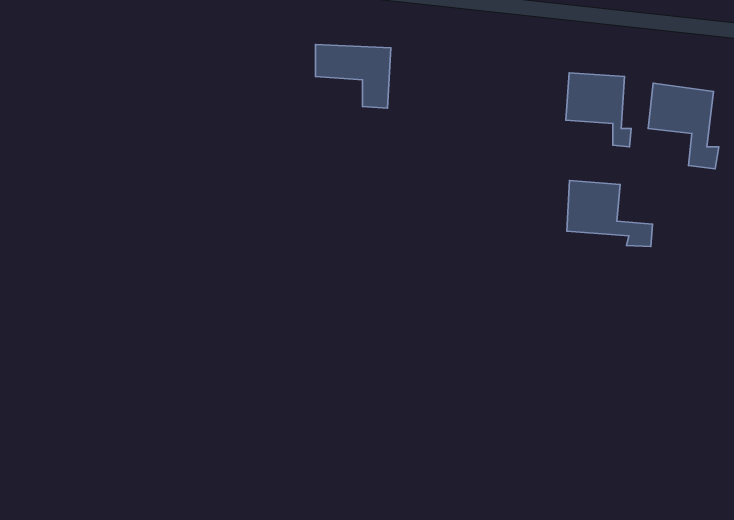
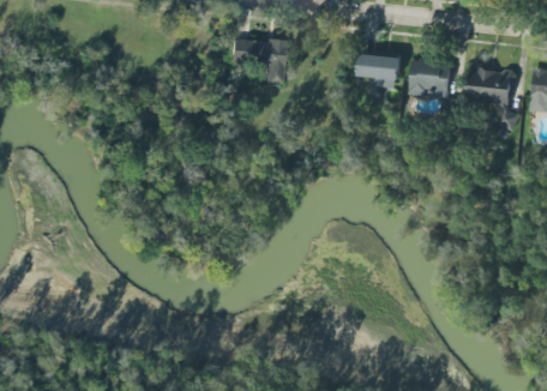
building: none -> [359,52,401,88]
building: [567,180,653,247] -> none

